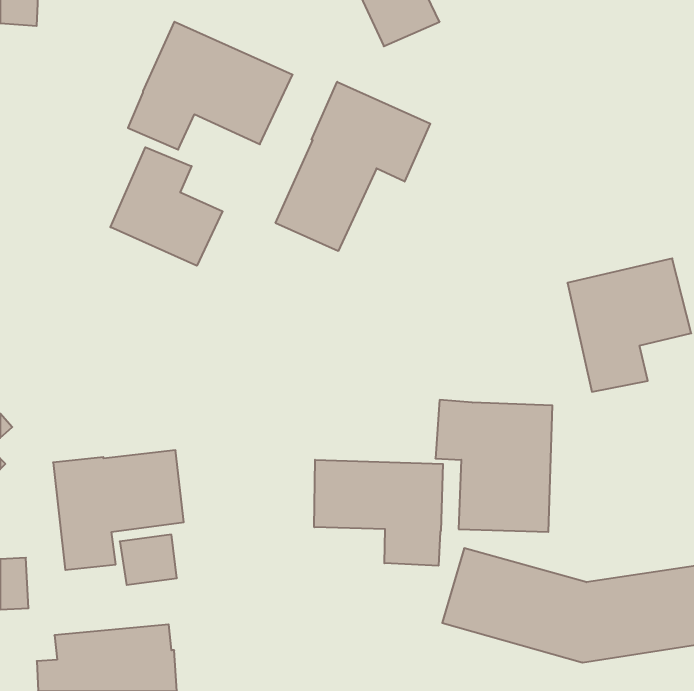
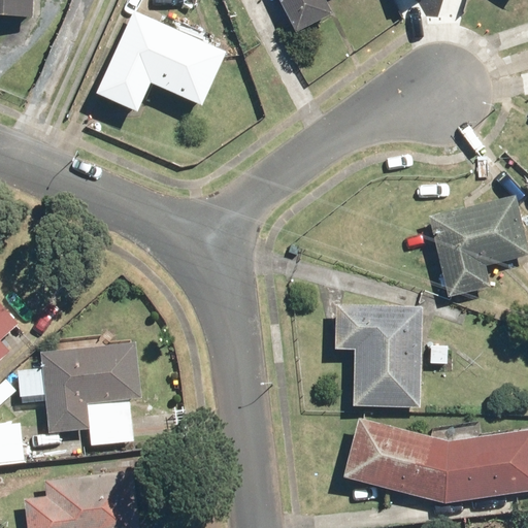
building: [276,82,430,251] -> none
building: [110,147,223,266] -> none
building: [314,460,443,566] -> none

